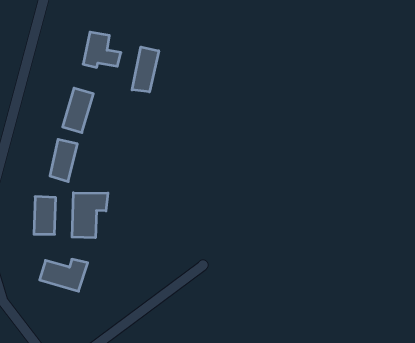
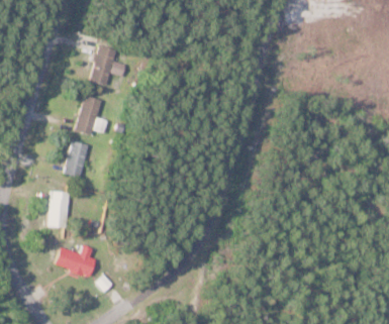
building: [132,47,159,92] -> none
building: [72,193,108,238] -> none

